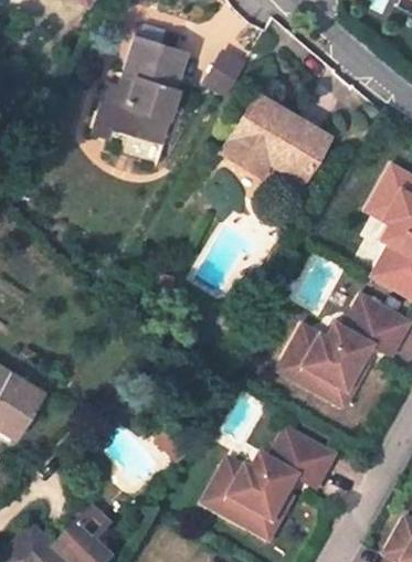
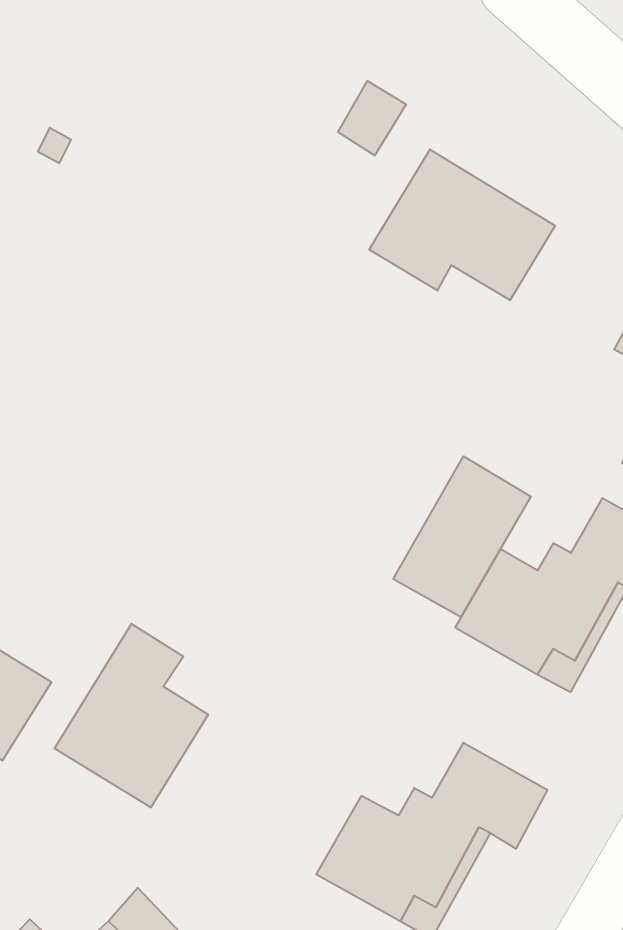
building: [105,39,184,142] -> none
building: none -> [393,456,531,617]
building: none -> [55,624,208,808]

